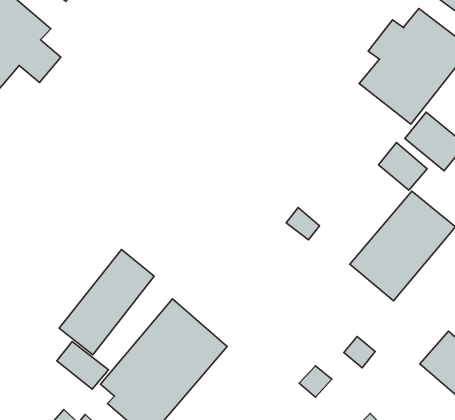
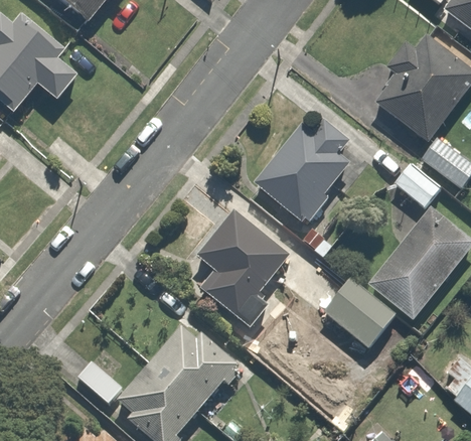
building: none -> [253,118,354,224]
building: none -> [193,208,289,332]
building: [59,249,154,355] -> none
building: none -> [320,277,397,350]

